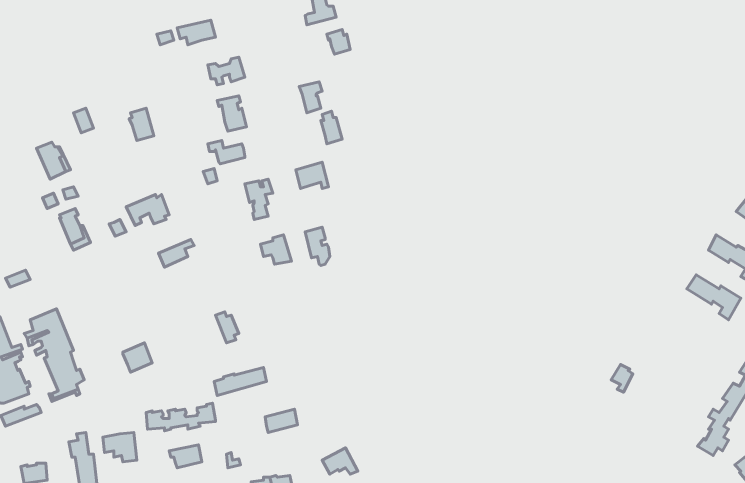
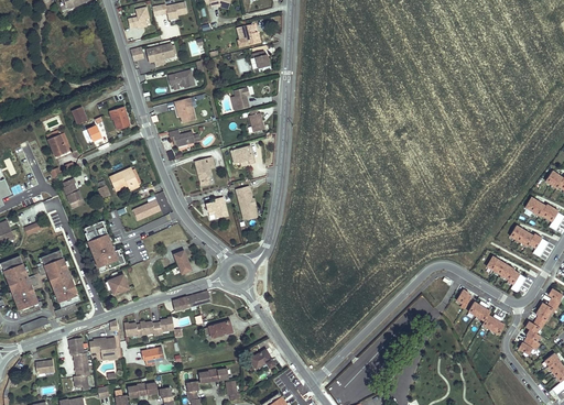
building: none -> [84,221,124,273]
building: none -> [486,256,525,293]
building: none -> [467,300,503,335]

